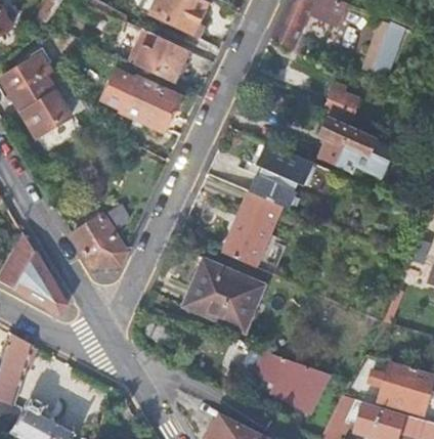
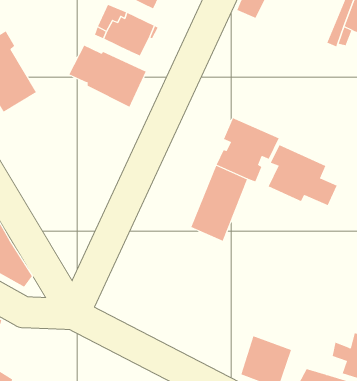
building: [324,87,362,124] -> none
building: [317,119,387,180] -> [268,144,337,206]
building: [73,206,130,266] -> none
building: [183,258,266,333] -> none

